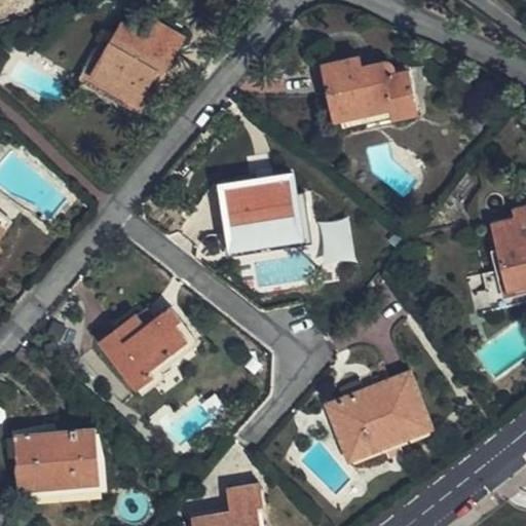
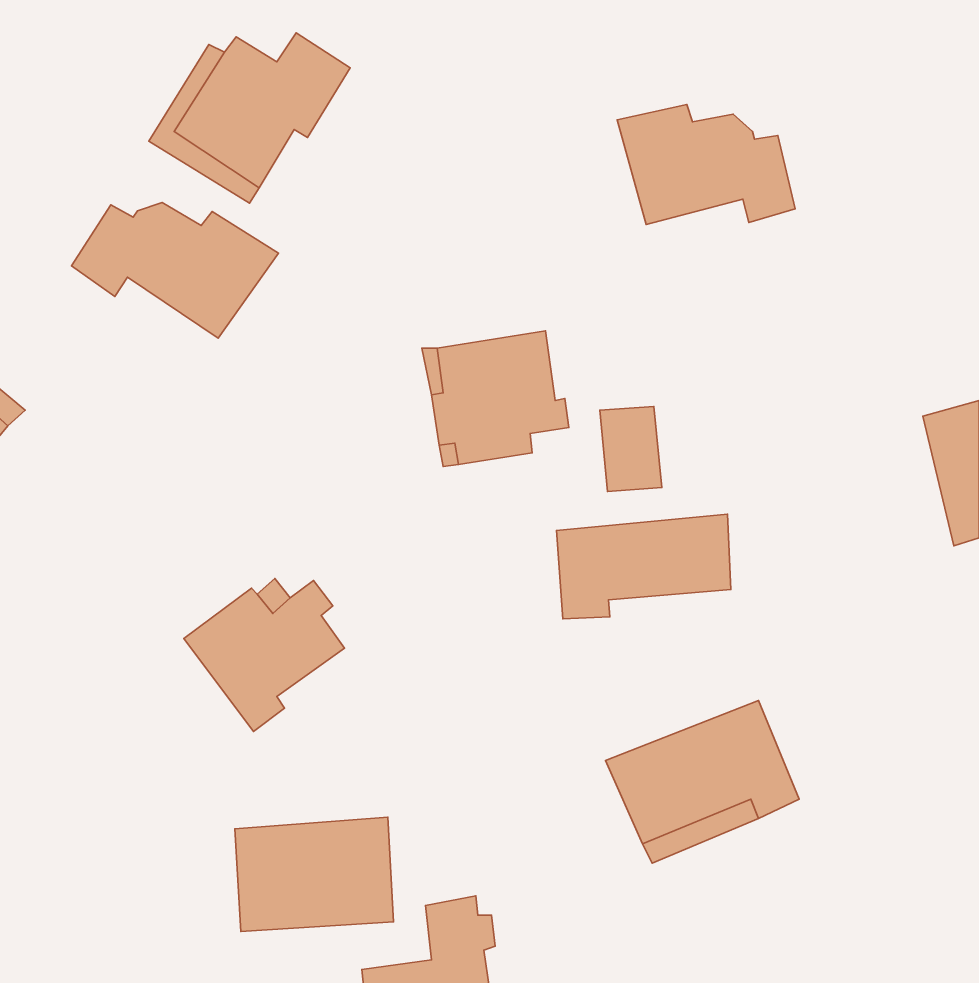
building: none -> [71,202,278,338]
building: none -> [556,514,731,619]
building: [14,429,99,490] -> [235,817,394,931]

